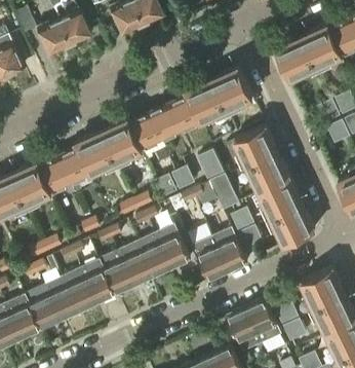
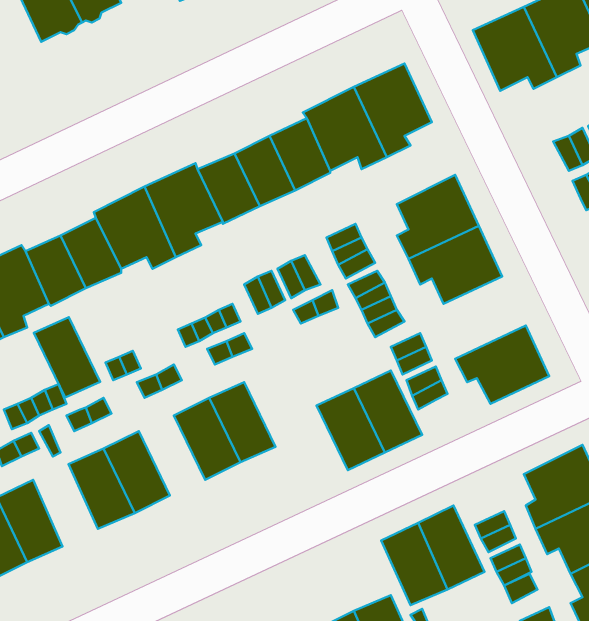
building: [259,179,302,222] -> none
building: [154,225,190,268] -> none
building: [98,252,133,294] -> [34,317,100,397]
building: [43,278,77,321] -> none

